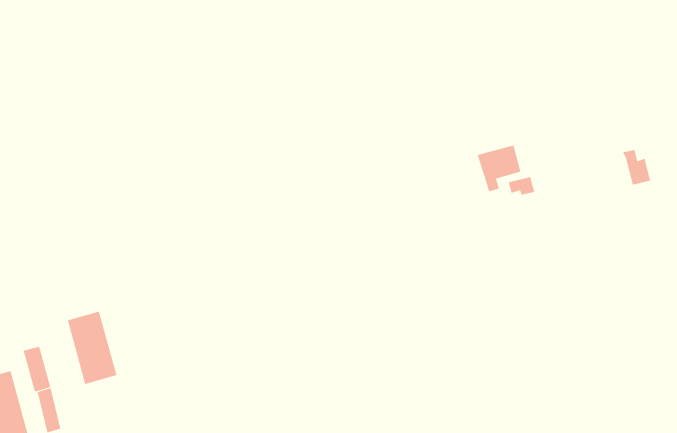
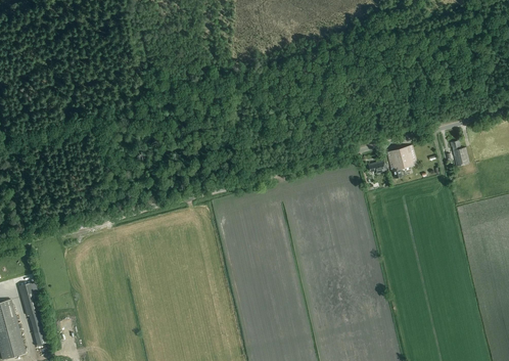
building: [477,145,521,192] -> [384,145,416,179]
building: [67,311,117,385] -> none

